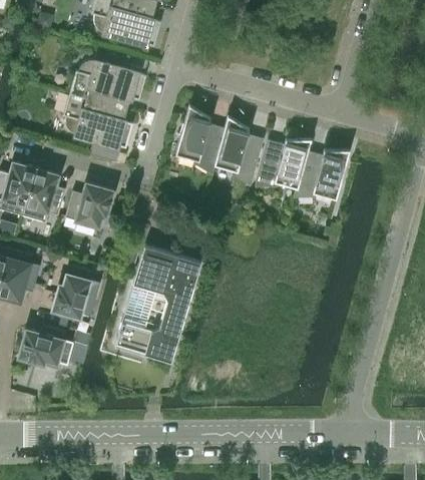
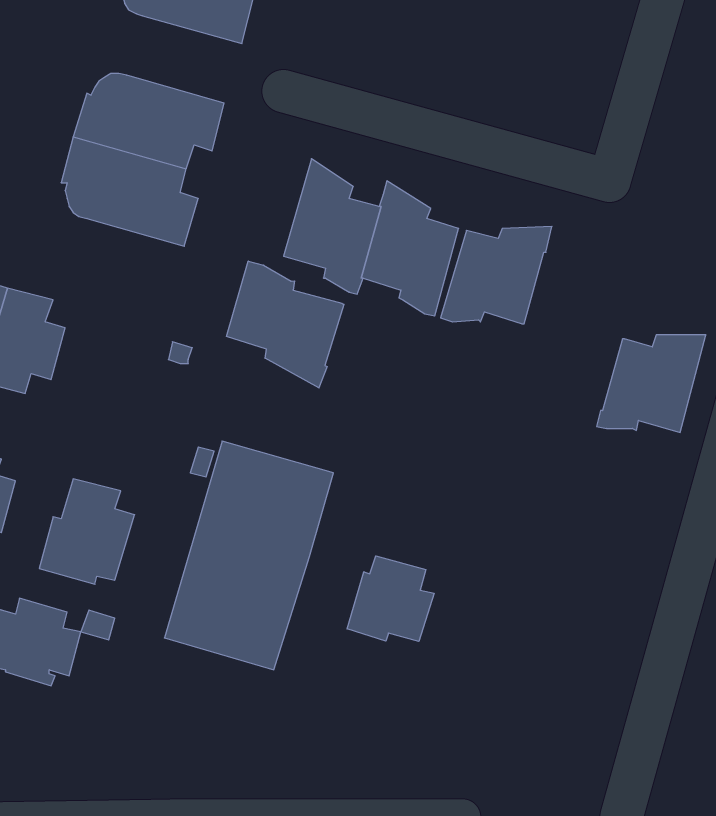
building: [293,150,348,199] -> [597,335,706,432]
building: none -> [227,261,344,388]
building: [64,184,112,228] -> none
building: none -> [347,556,434,641]

